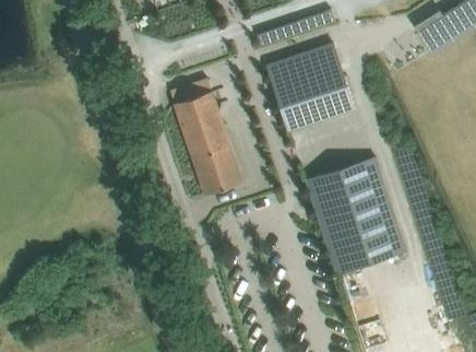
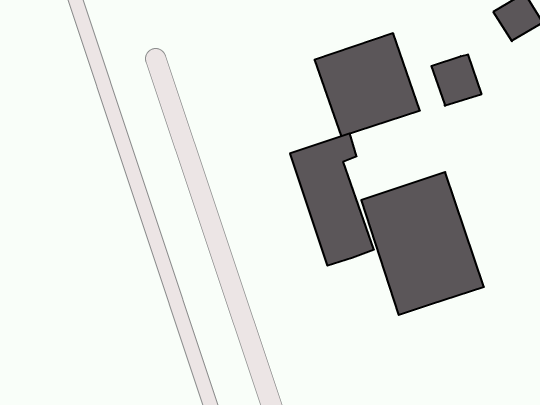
building: none -> [431,54,481,106]
building: [174,85,242,193] -> [290,133,374,266]

